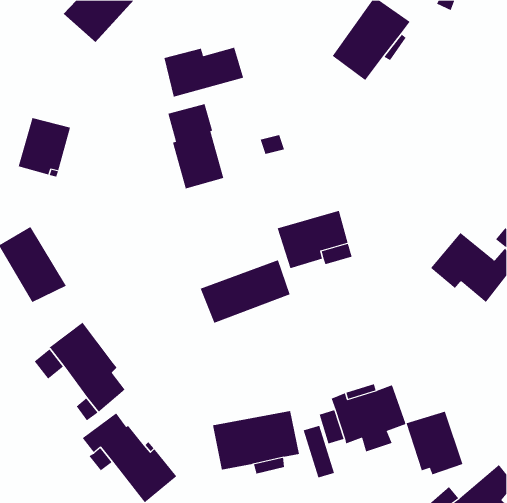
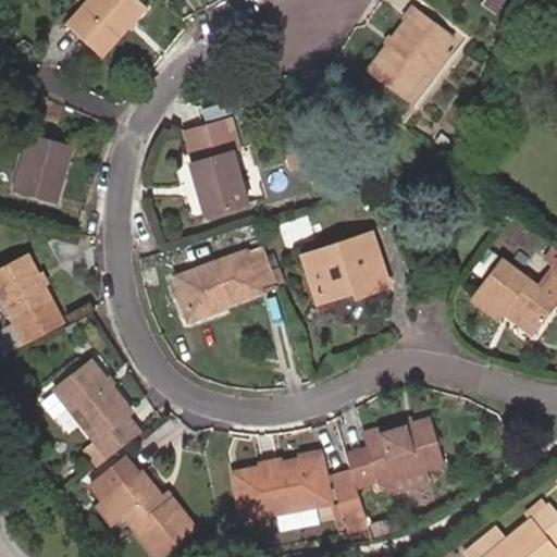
building: [164,47,244,97] -> none
building: [200,260,290,323] -> [175,244,274,313]
building: [406,411,463,475] -> none

